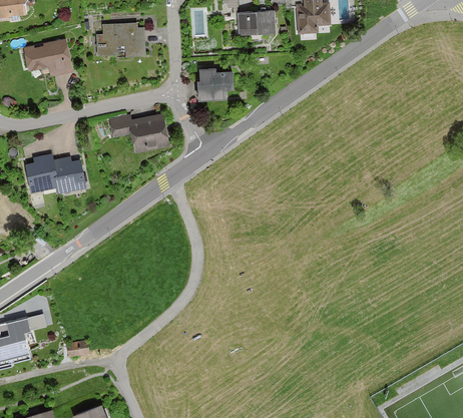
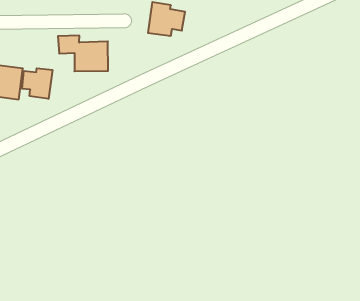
building: none -> [22,68,52,99]

